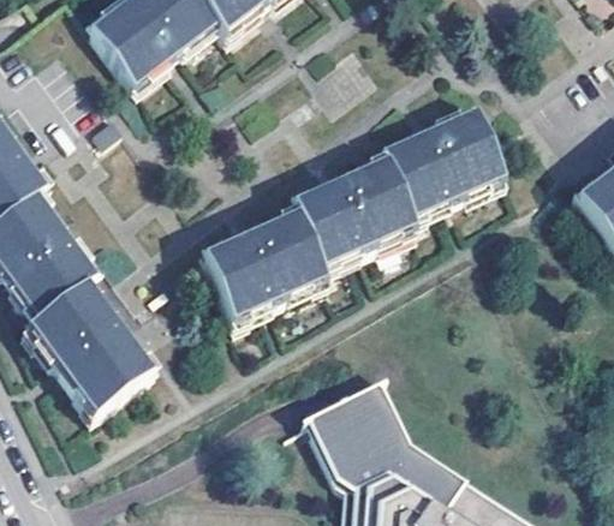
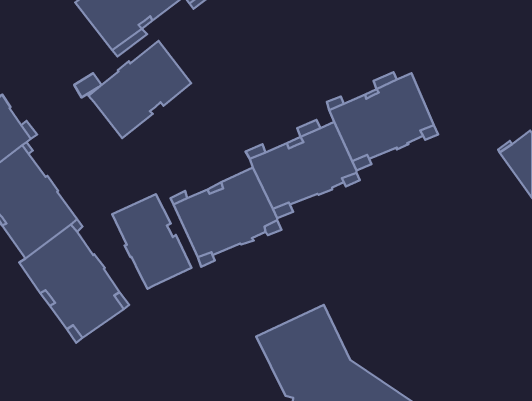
building: none -> [89,41,191,138]
building: none -> [112,194,191,289]

